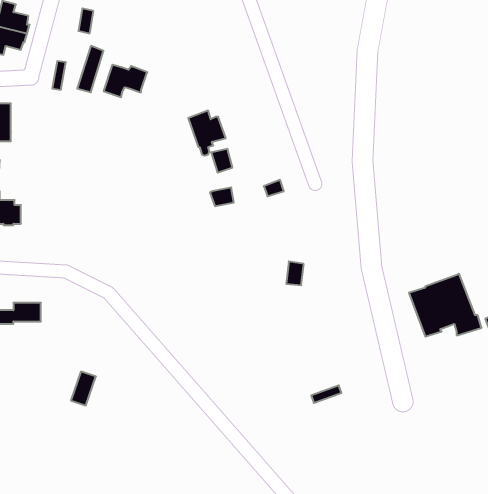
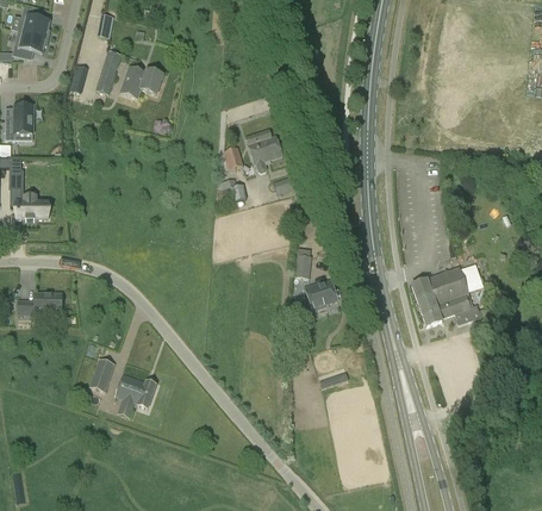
building: [188,111,226,156] -> [245,129,281,172]
building: none -> [304,279,337,310]
building: none -> [116,374,155,407]

